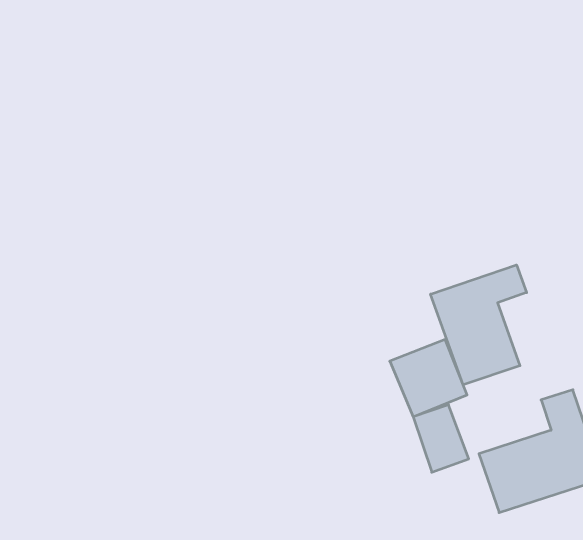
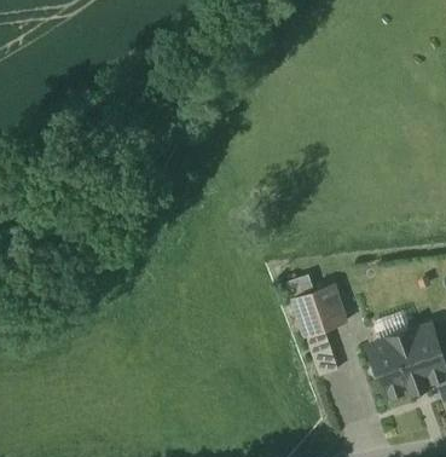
building: [431,265,527,385] -> none

